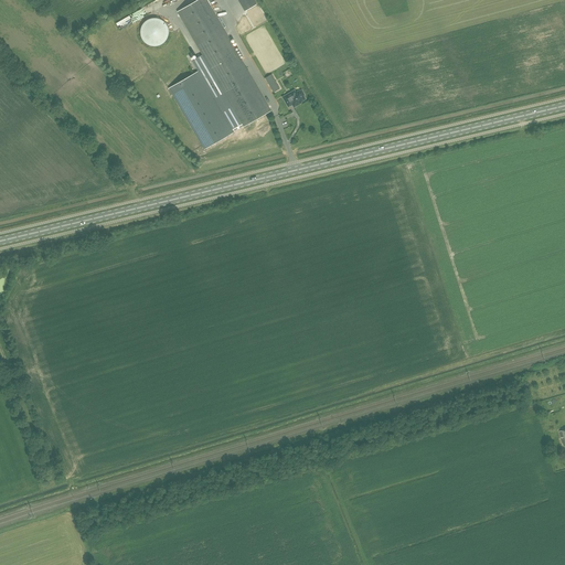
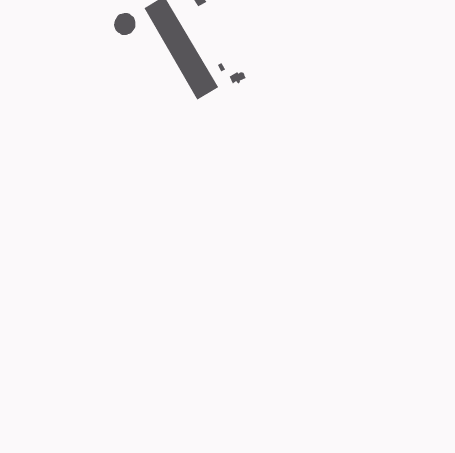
building: [169,70,234,148] -> none

